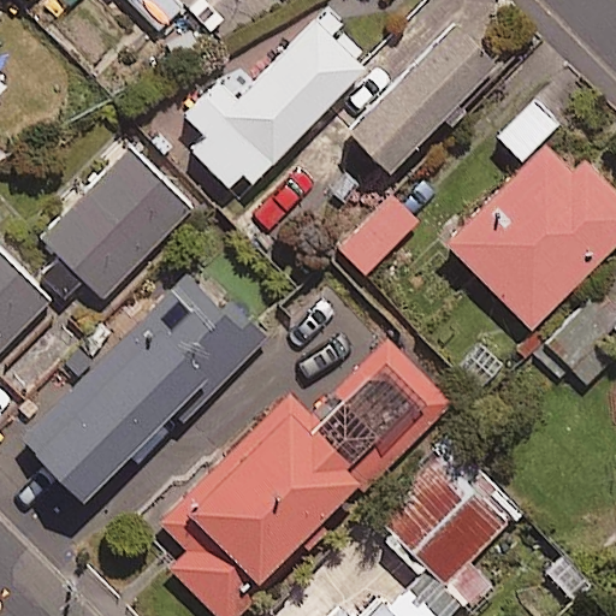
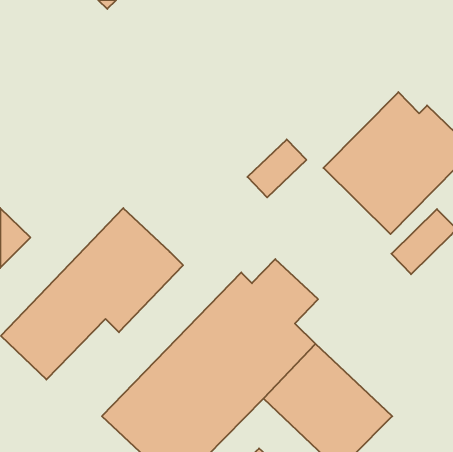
building: [345,13,504,170] -> none
building: [195,14,363,180] -> none
building: [19,168,176,326] -> none

